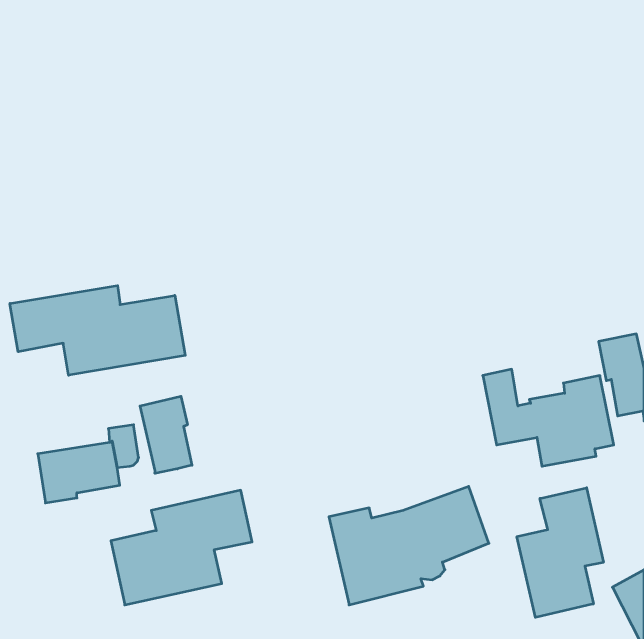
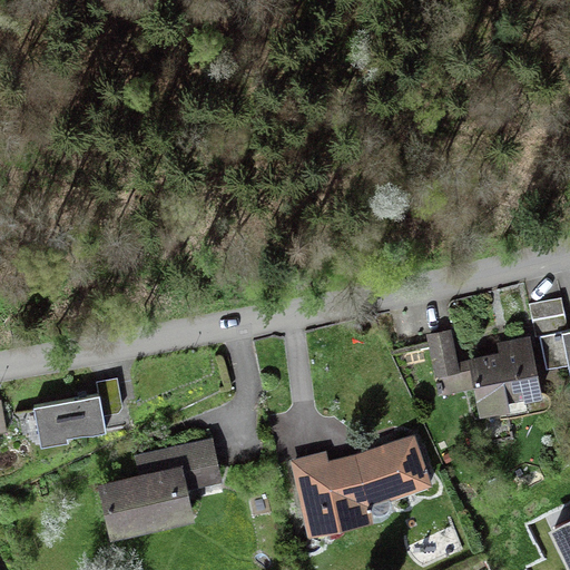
building: [10,286,185,375] -> none
building: [140,396,192,473] -> none
building: [517,488,603,617] -> none

